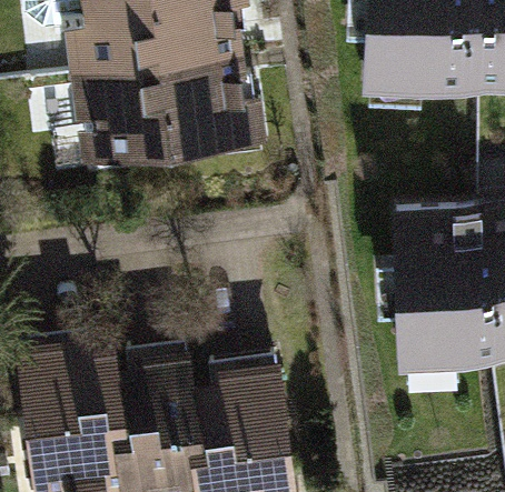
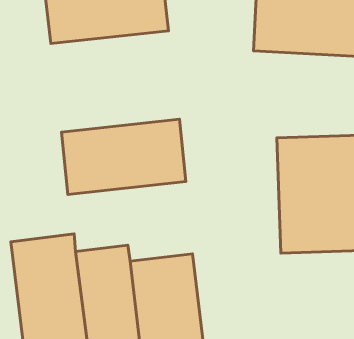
building: [78,58,250,162] -> [62,119,186,194]

